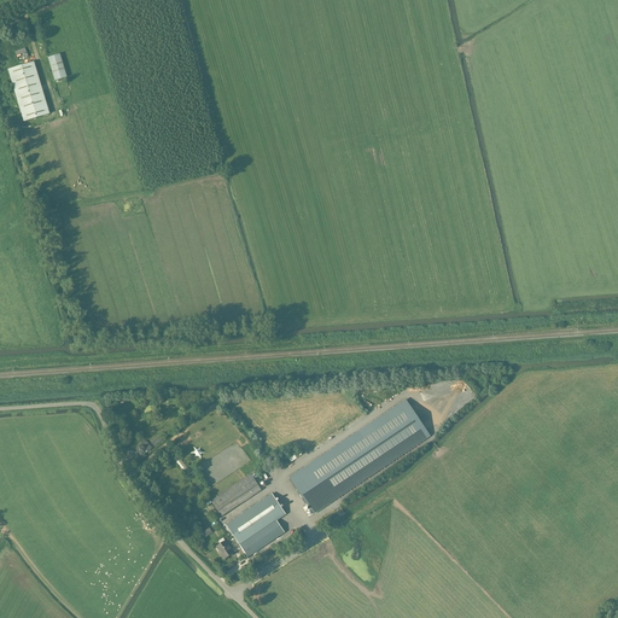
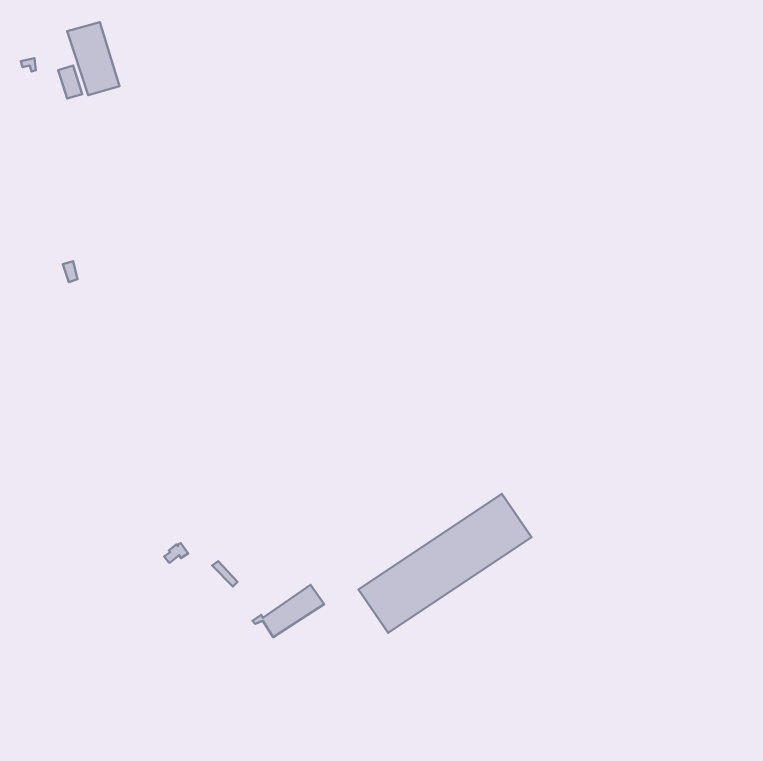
building: [7,62,49,121] -> [67,22,119,95]
building: [216,494,285,558] -> none

